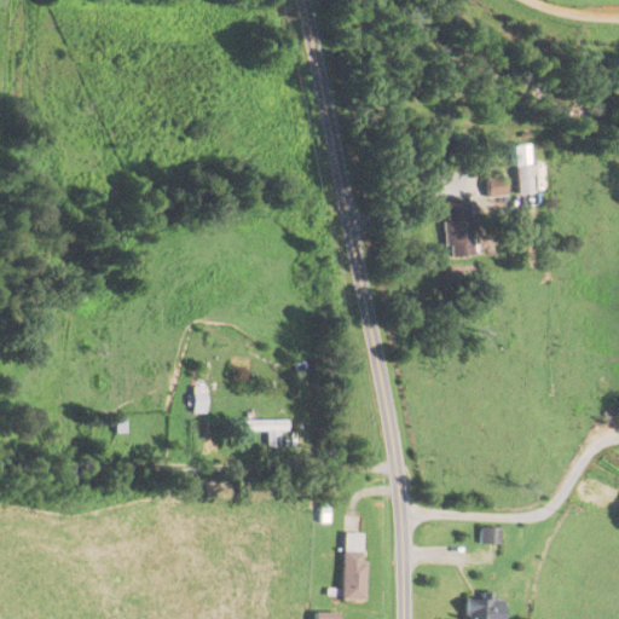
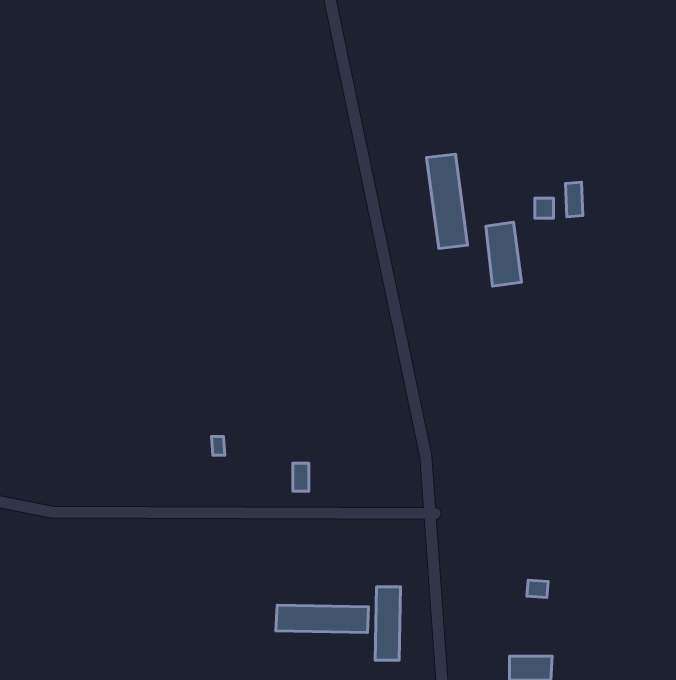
building: none -> [427,154,468,249]
building: none -> [276,605,368,632]

